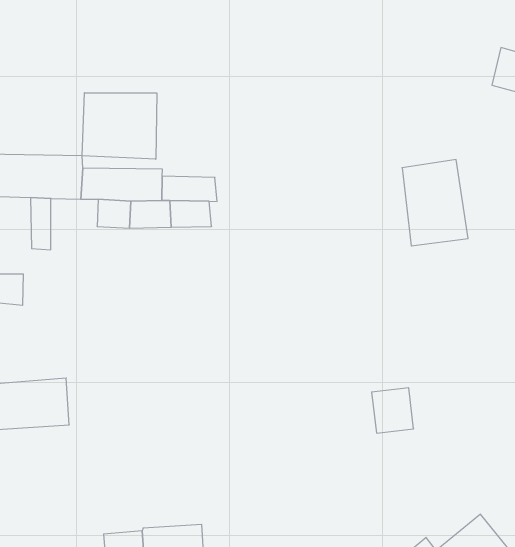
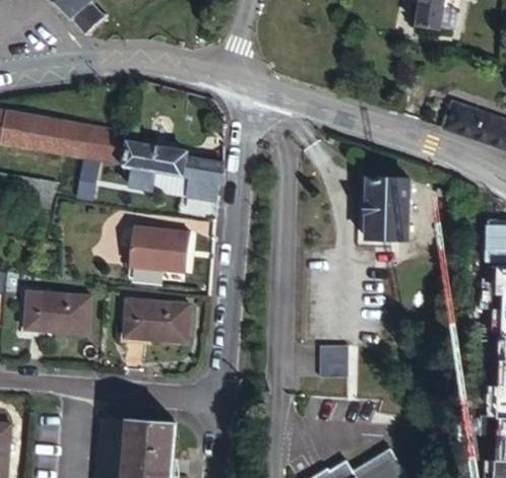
building: [82,93,157,159] -> none
building: none -> [129,223,191,272]
building: none -> [126,300,190,342]

